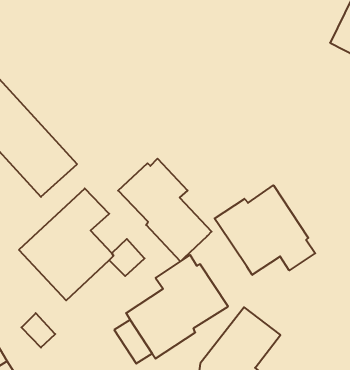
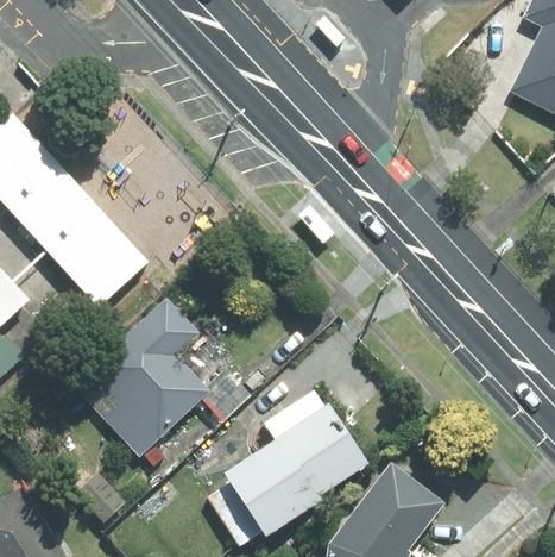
building: [118,159,212,261] -> none
building: [215,185,315,275] -> none

